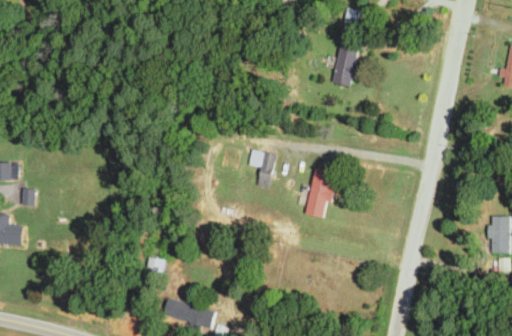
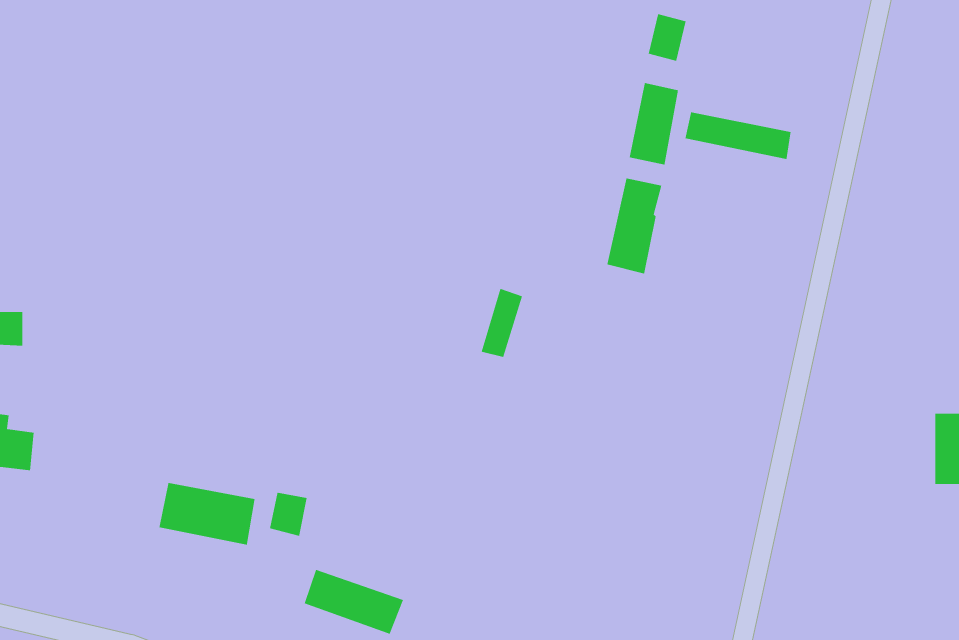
building: none -> [685,111,791,160]
building: [305,169,334,219] -> [607,178,662,274]
building: none -> [159,482,255,545]

